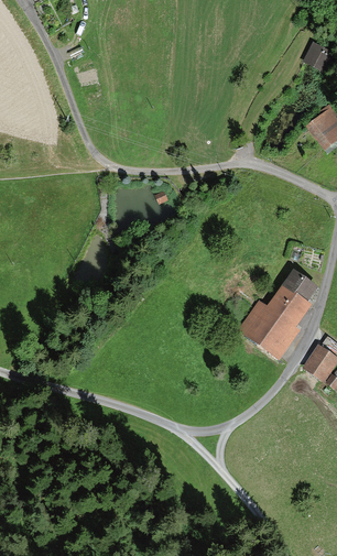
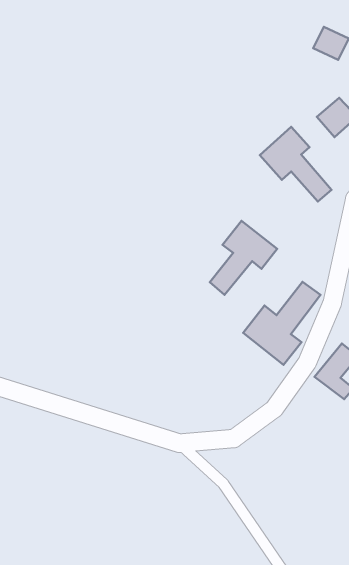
building: none -> [260,127,332,201]
building: none -> [210,221,277,295]

